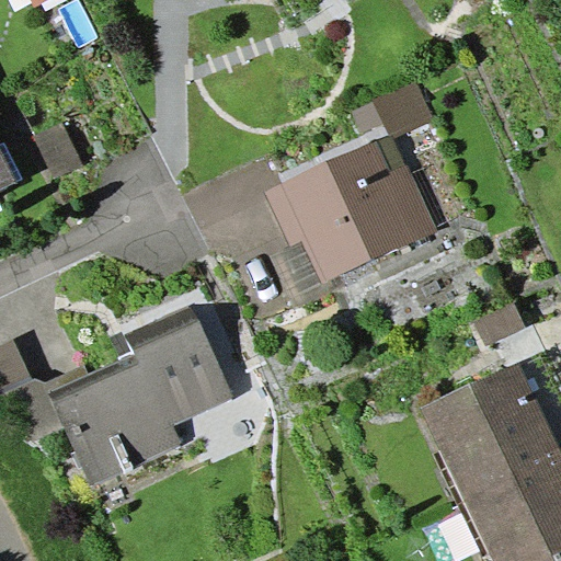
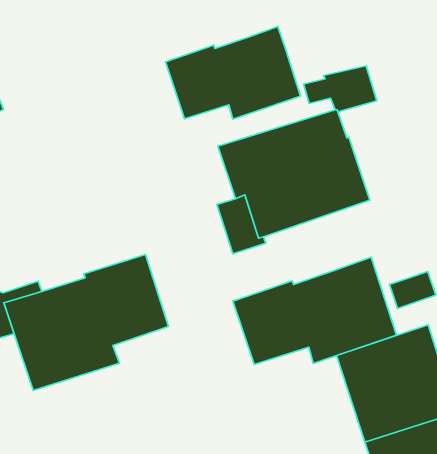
building: none -> [165,26,301,119]
building: none -> [233,257,396,365]

